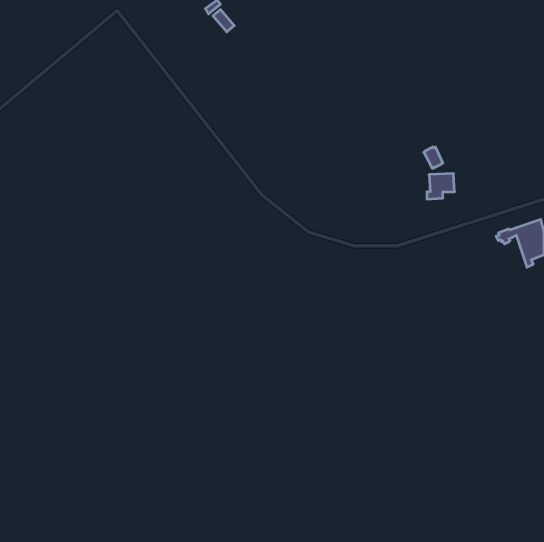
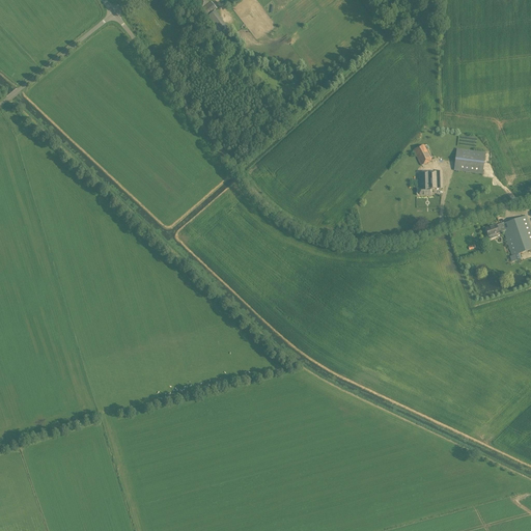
building: none -> [453,147,485,172]

